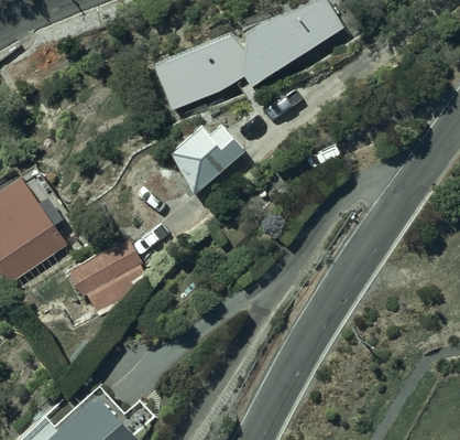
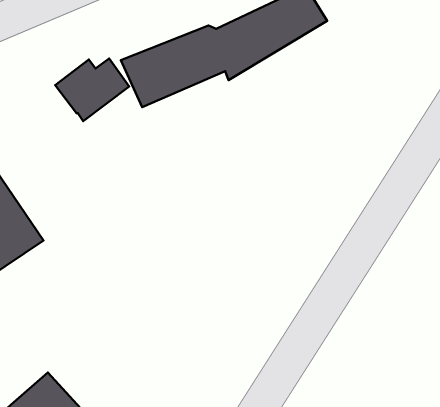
building: [172,129,244,191] -> [55,58,129,121]
building: [69,236,161,320] -> none

